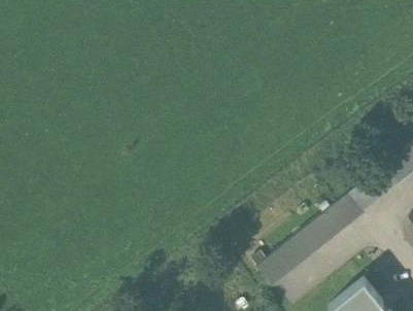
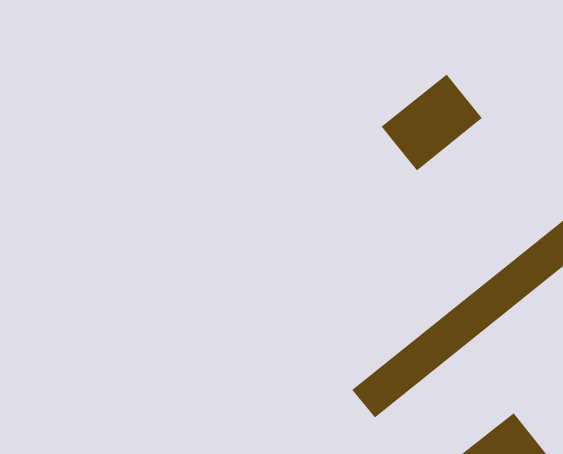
building: none -> [380,73,483,171]

